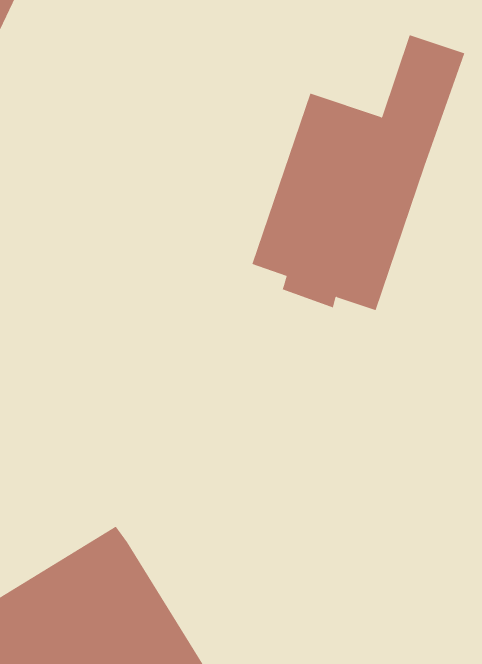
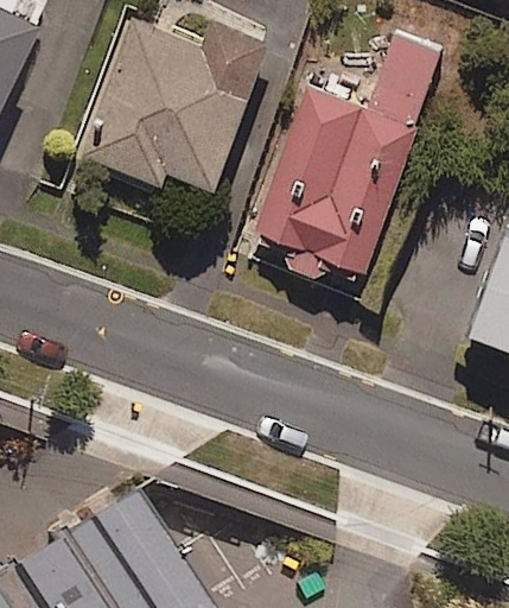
building: none -> [82,19,269,189]

